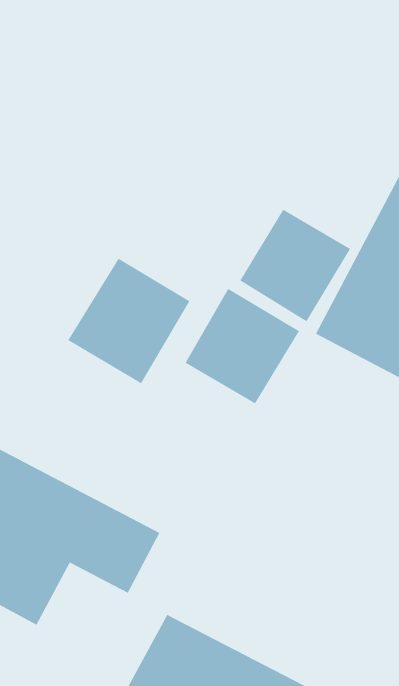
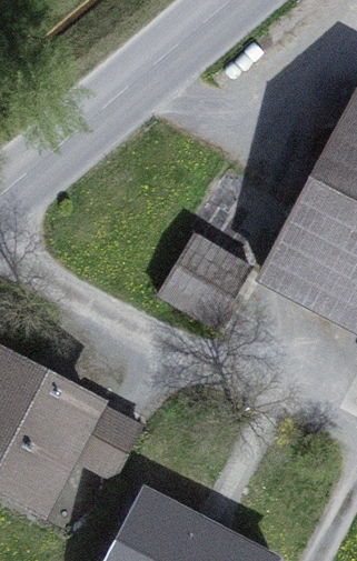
building: [240,209,351,322] -> none
building: [67,258,190,384] -> none

